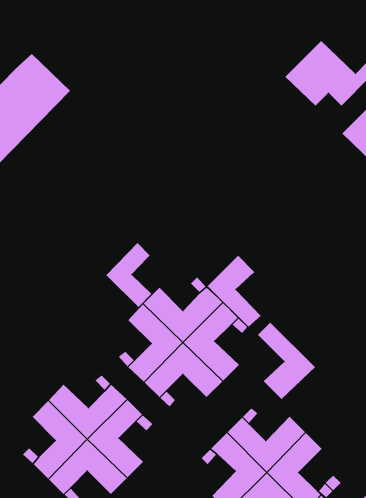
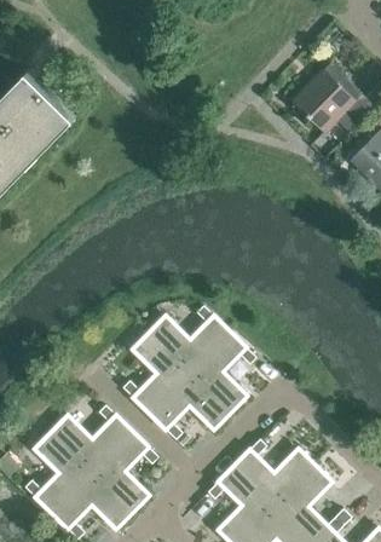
building: [106,242,152,308] -> none
building: [207,255,261,328] -> none
building: [257,322,316,400] -> none

